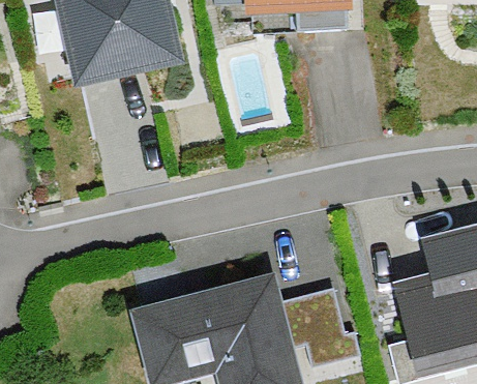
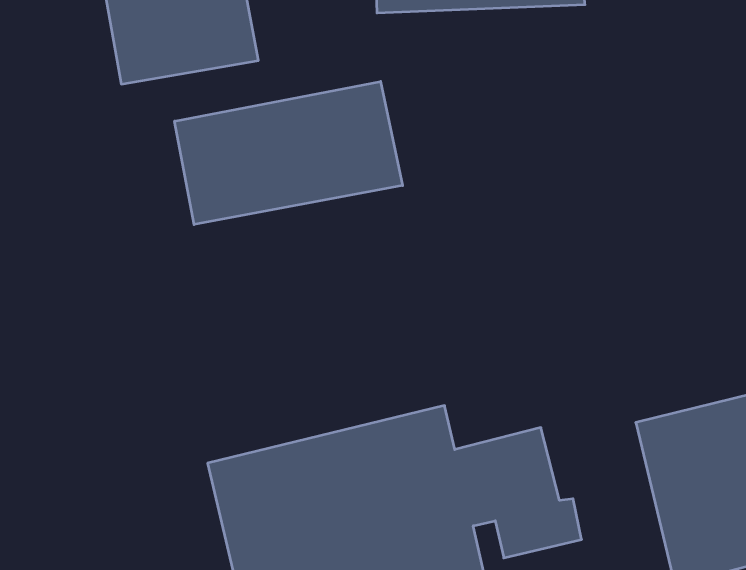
building: none -> [175,81,403,225]

